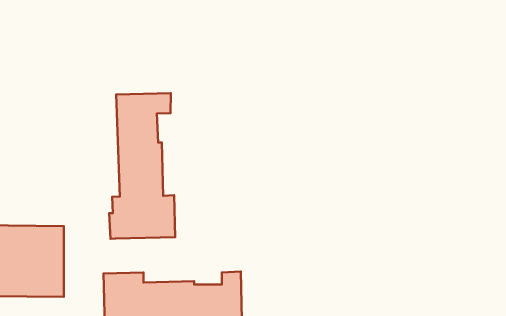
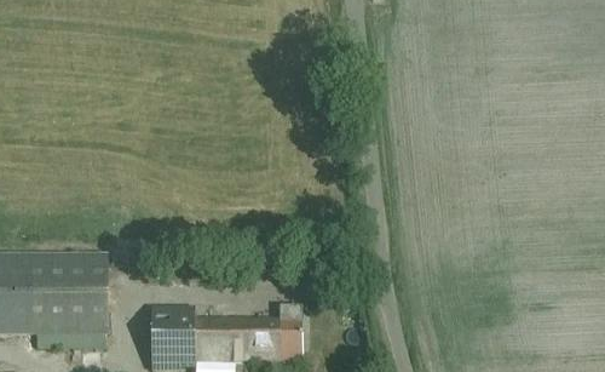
building: [109,93,175,239] -> none

